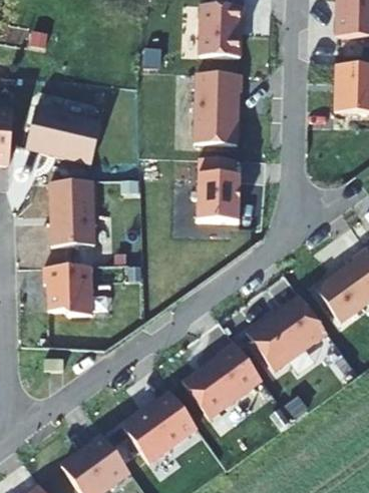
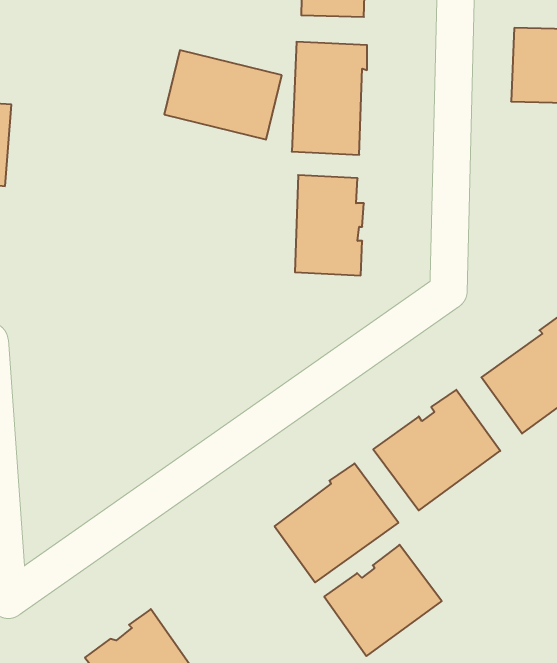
building: [27,106,102,163] -> [164,50,282,140]
building: [50,180,95,245] -> none
building: [43,266,90,315] -> none
building: [122,391,198,462] -> [324,545,442,656]

